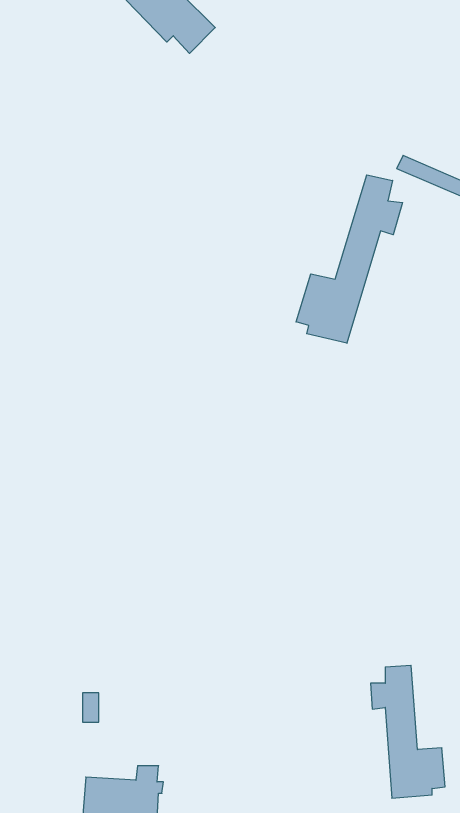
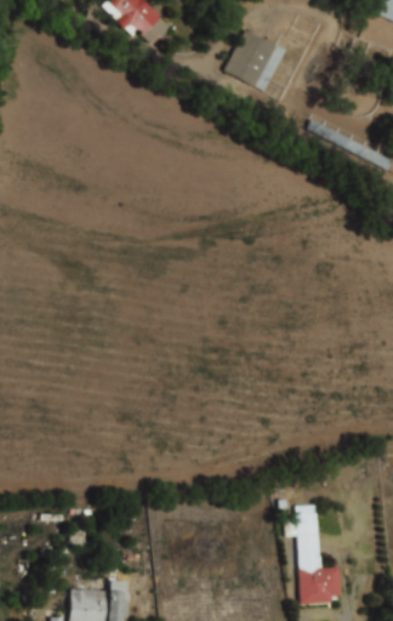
building: none -> [223,29,285,92]
building: [296,175,403,343] -> none

